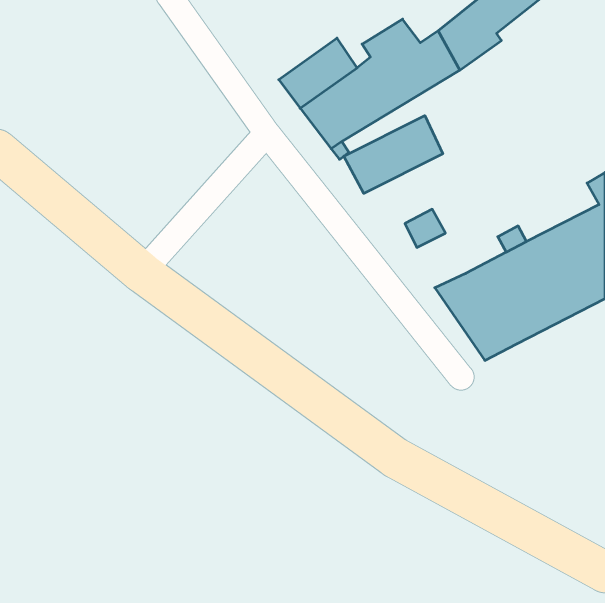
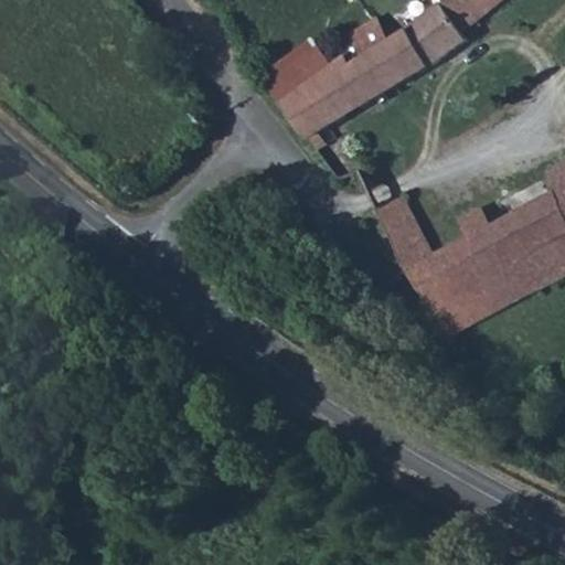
building: [344,116,443,193] -> none
building: none -> [386,216,431,267]

